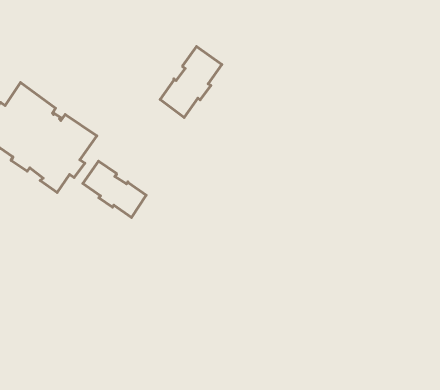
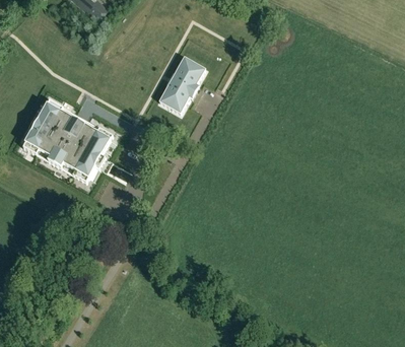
building: [83,161,146,217] -> none

